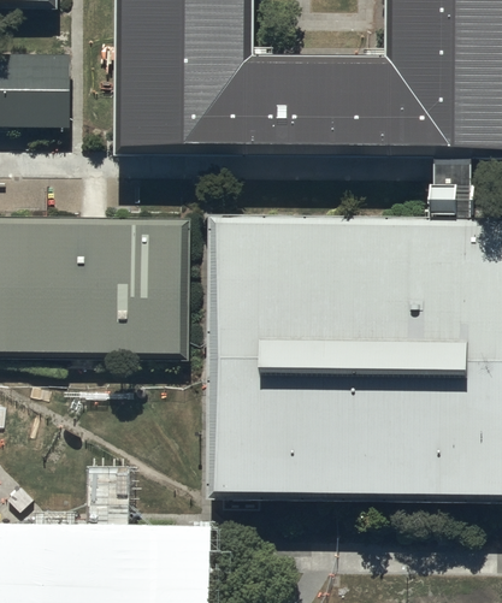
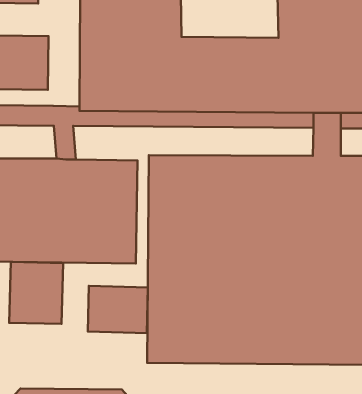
building: none -> [9,262,63,324]
building: none -> [88,286,148,333]

